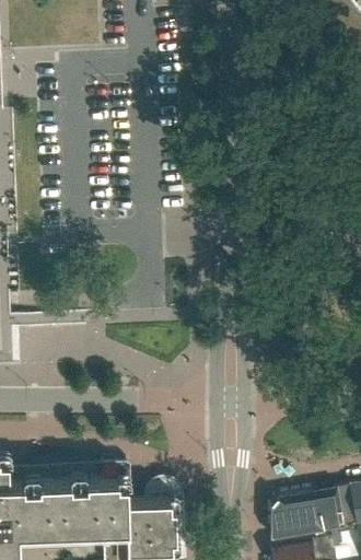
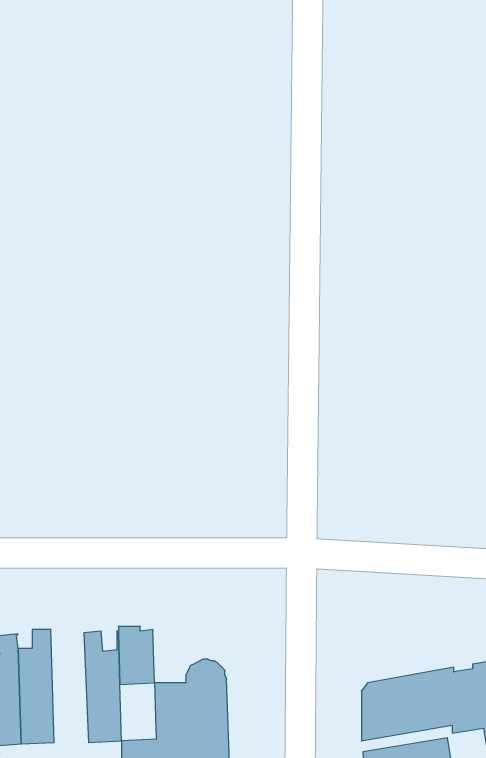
building: [50,467,77,547] -> none
building: [98,505,124,546] -> none

